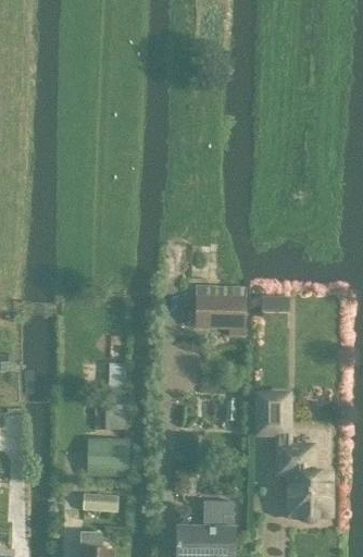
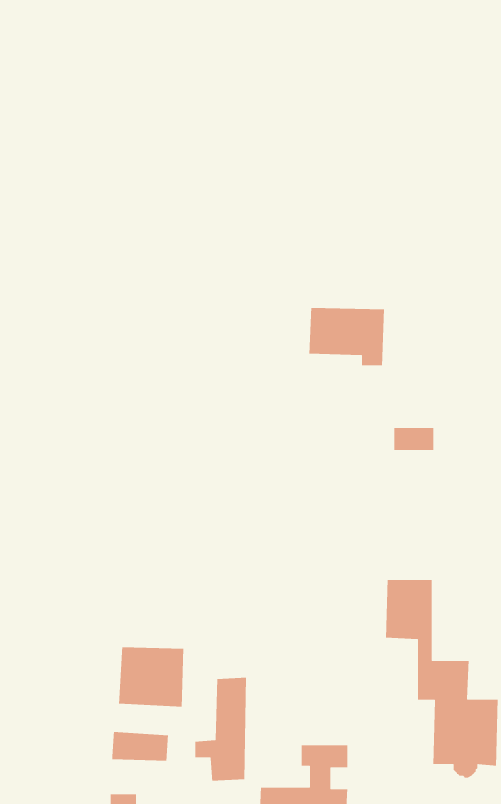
building: [195,297,243,335] -> [309,307,385,366]
building: [95,363,128,431] -> [195,677,247,782]

